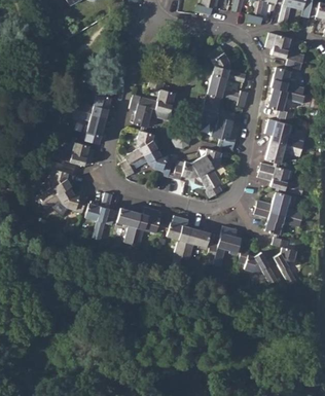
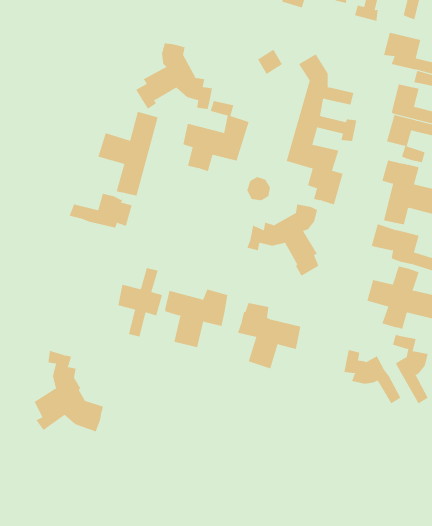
building: [119,132,172,177] -> [135,43,213,109]
building: [39,160,86,216] -> [34,350,104,432]
building: [207,226,241,266] -> none

